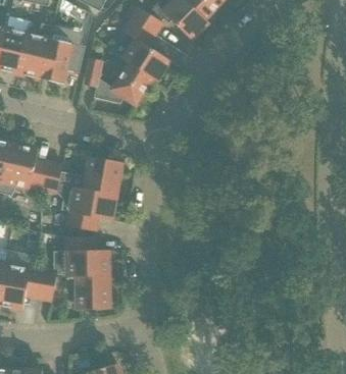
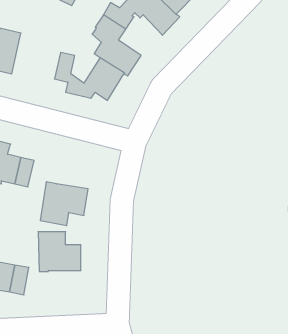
building: [40,37,85,83] -> none
building: [85,155,122,193] -> none
building: [77,274,109,308] -> none

